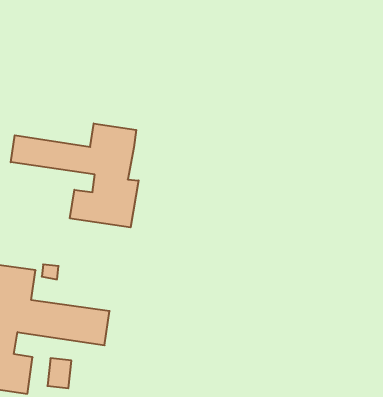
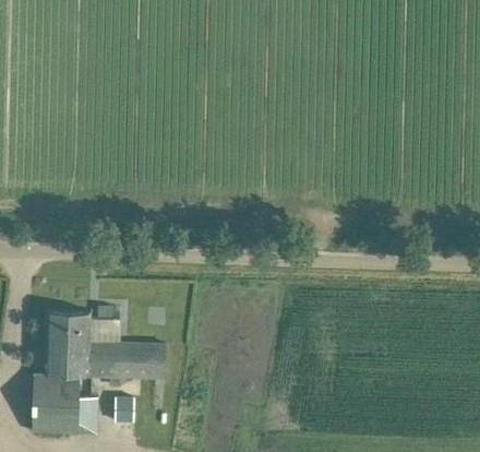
building: [11,123,139,227] -> none

